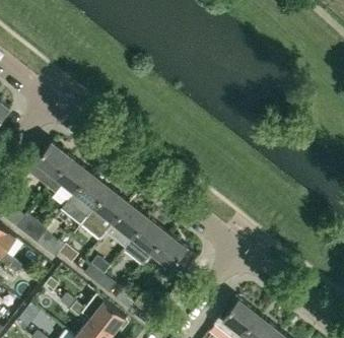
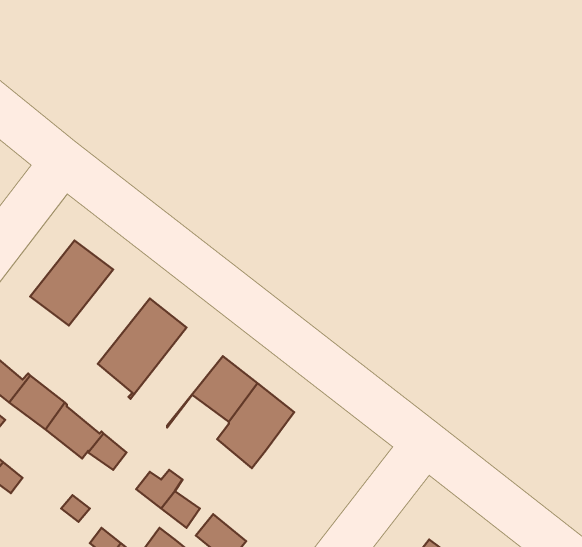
building: [48,158,90,208] -> none
building: [80,189,129,241] -> none
building: [151,233,197,278] -> none

